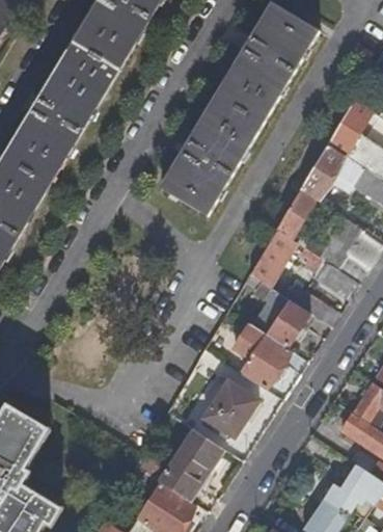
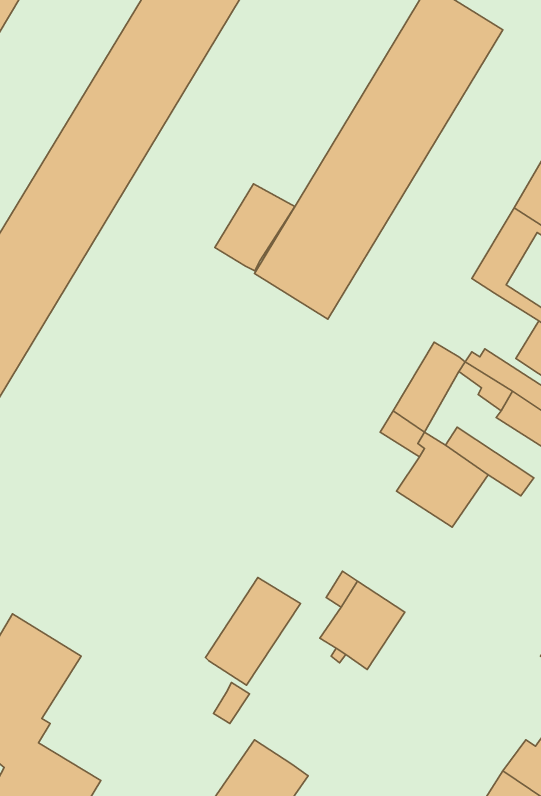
building: none -> [215,184,295,271]
building: [276,189,314,239] -> none
building: [234,322,293,390] -> none
building: [160,429,220,498] -> [206,577,300,685]

